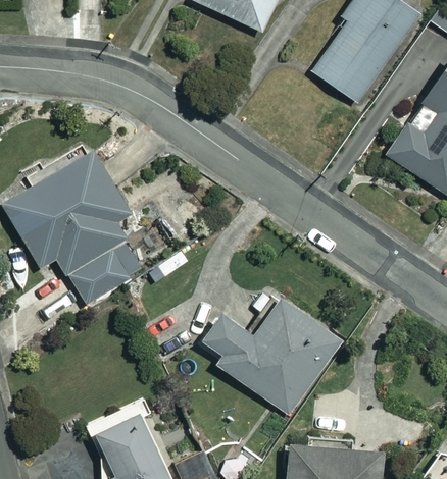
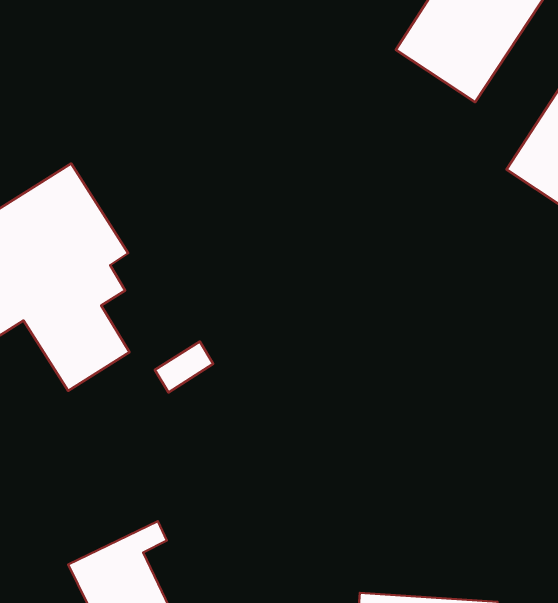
building: [198,296,341,415] -> none

